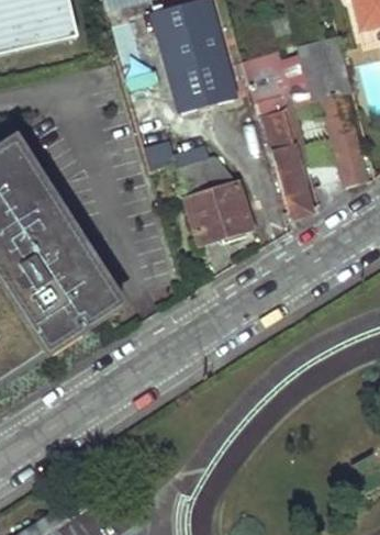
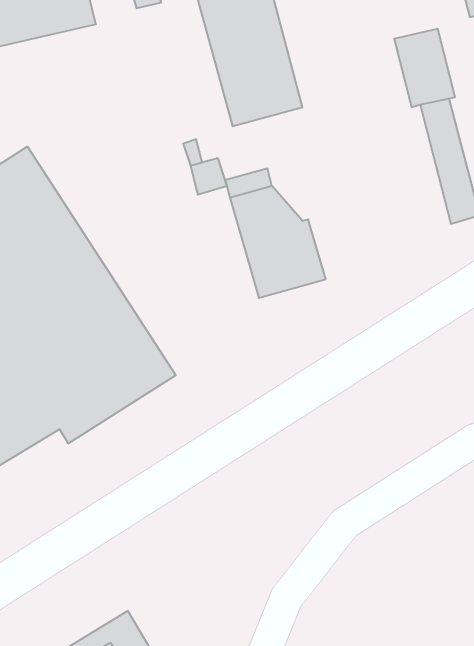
building: [241,52,316,218] -> none

